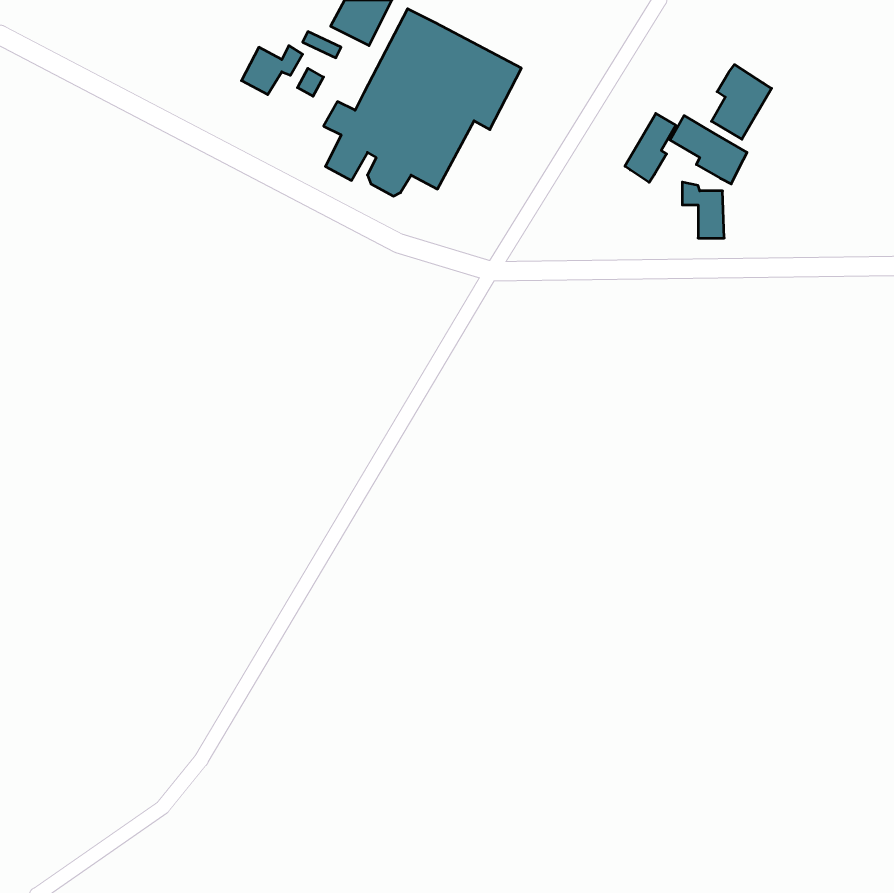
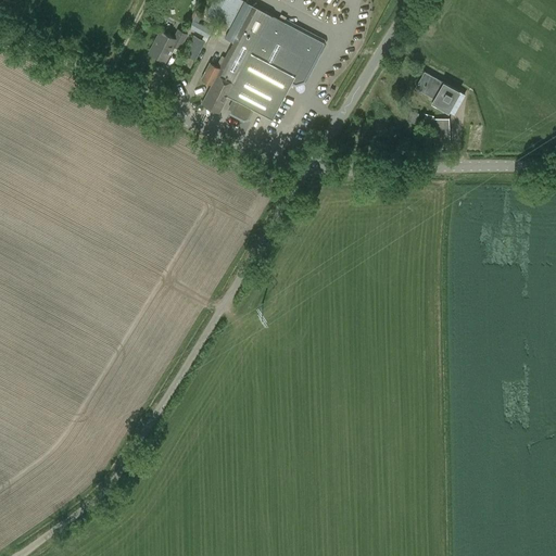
building: [711,65,772,139] -> none
building: [625,113,676,182] -> none

